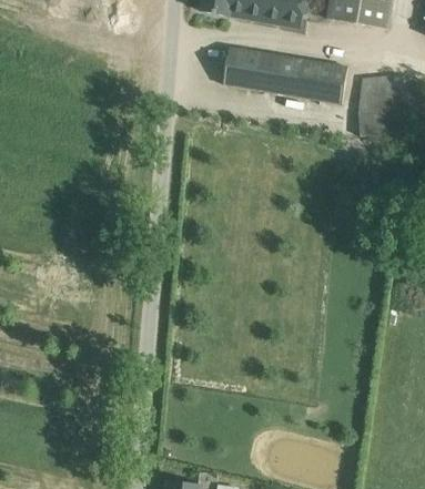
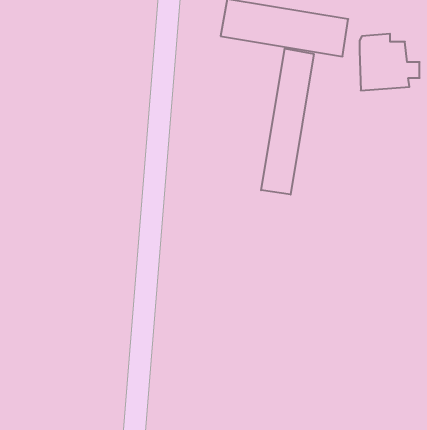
building: none -> [261,48,314,195]

